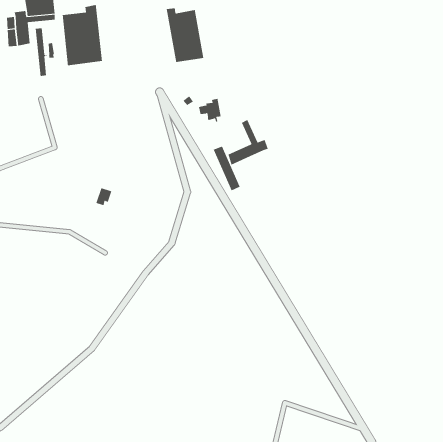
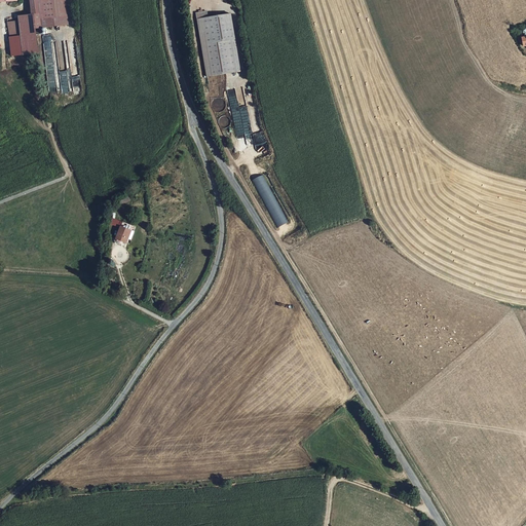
building: [62,4,102,66] -> none
building: [228,119,268,165] -> none

